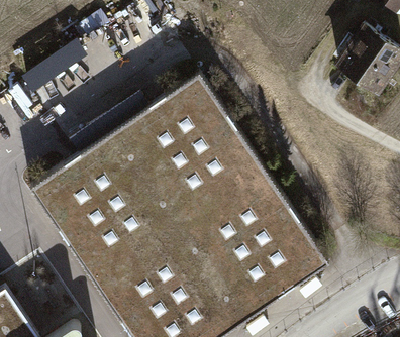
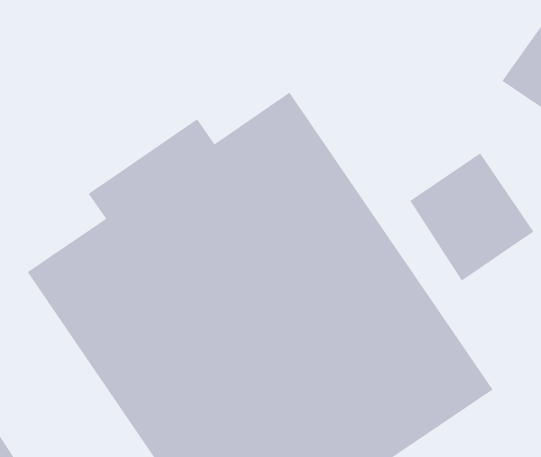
building: none -> [409,152,534,281]

